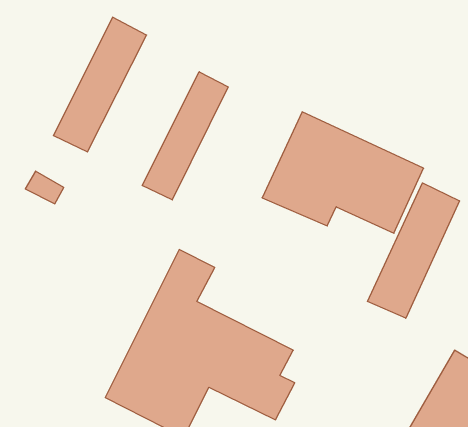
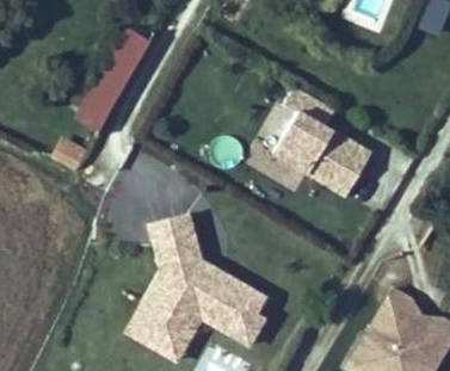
building: [142,72,228,200] -> none
building: [367,183,459,318] -> none

